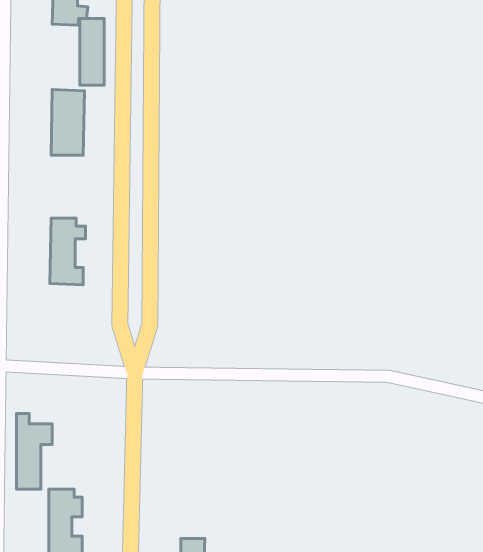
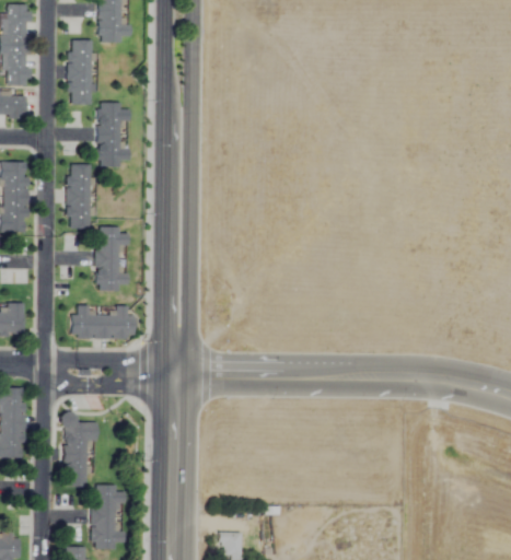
building: [80,18,104,85] -> [69,40,92,104]
building: none -> [68,164,92,229]
building: none -> [71,305,135,338]

